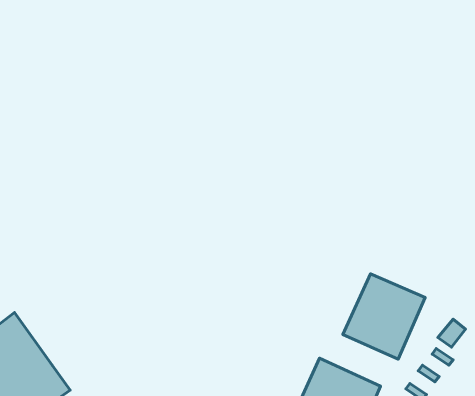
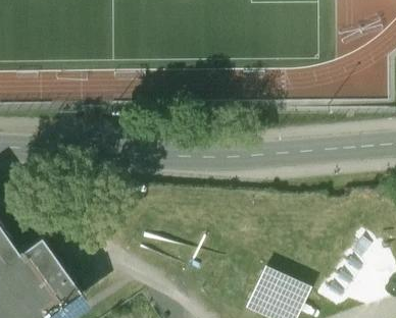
building: [343,274,425,359] -> none

